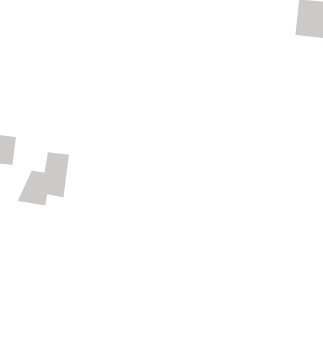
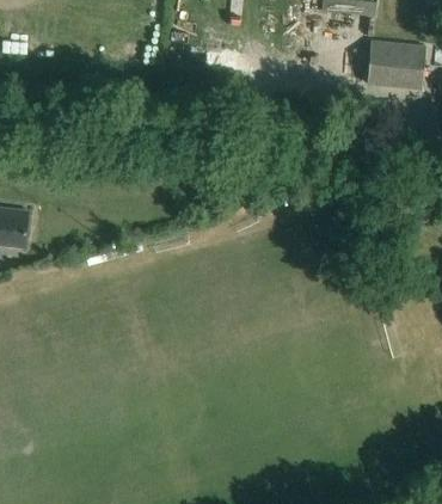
building: [17,151,70,206] -> none

